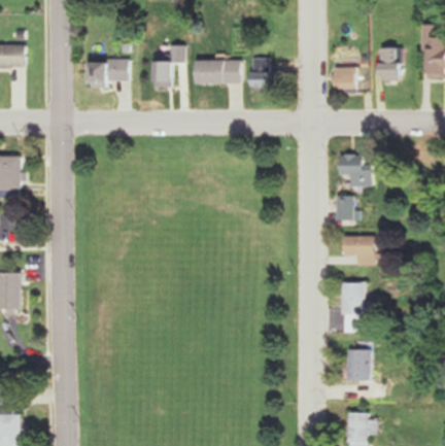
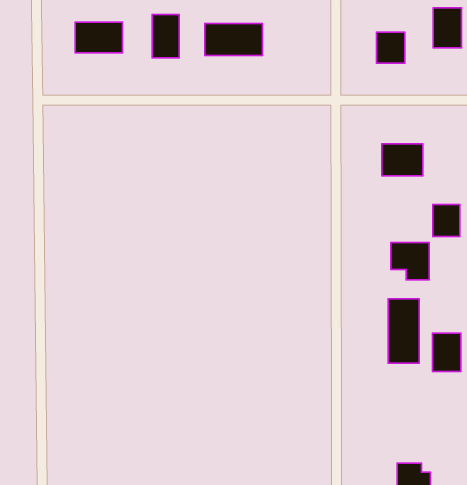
building: [249,58,274,91] -> none
building: [333,197,354,222] -> [433,204,460,236]
building: [348,350,371,381] -> [433,333,461,371]

